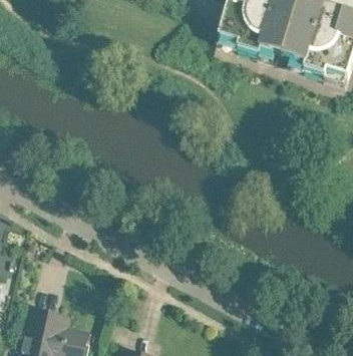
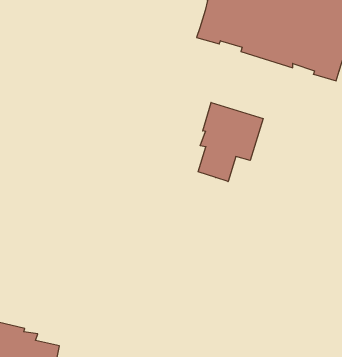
building: none -> [198,102,263,182]

